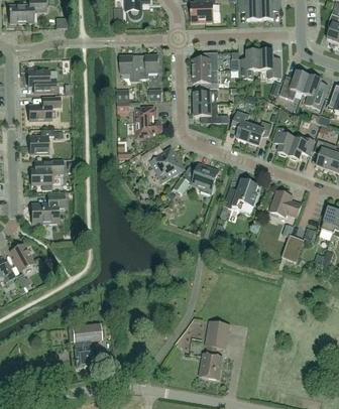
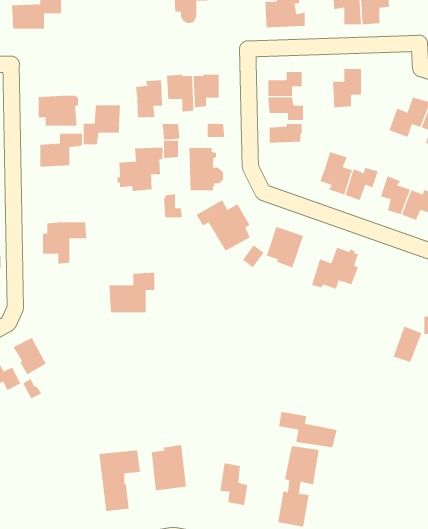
building: [260,50,281,78] -> none
building: none -> [136,79,163,118]
building: none -> [83,104,121,145]
building: [194,103,222,123] -> none
building: none -> [117,147,163,192]
building: [30,129,54,154] -> none
building: [270,190,302,217] -> none
building: [31,193,65,223] -> [109,272,155,313]
building: none -> [279,411,337,448]
building: none -> [151,444,187,491]
building: none -> [220,463,248,506]

